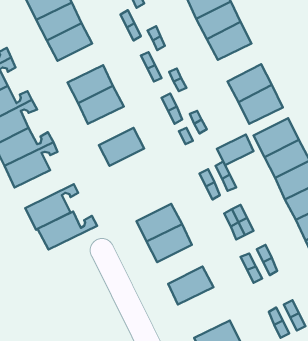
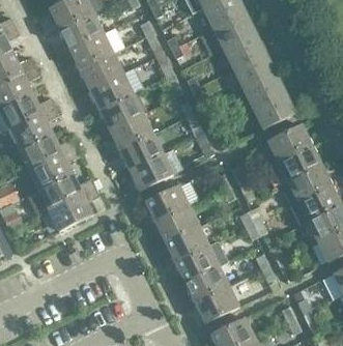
building: none -> [80,53,123,90]
building: none -> [233,53,275,89]
building: none -> [109,113,152,150]
building: [217,134,254,165] -> none
building: none -> [130,153,173,191]
building: none -> [145,185,189,223]
building: [38,212,97,250] -> [38,174,95,210]
building: none -> [175,246,219,283]
building: none -> [195,286,239,323]

